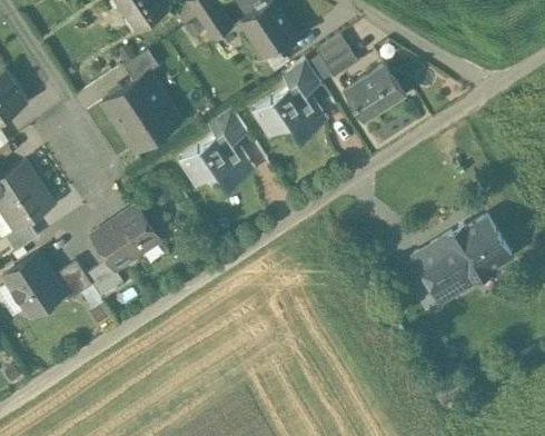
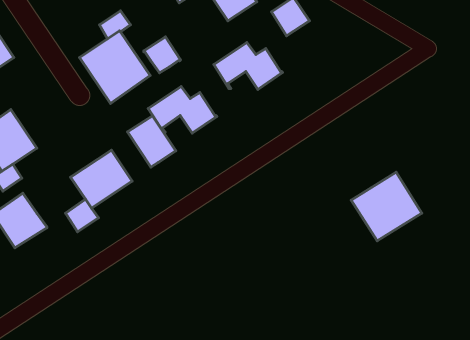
building: [280,60,321,100] -> none
building: [344,66,404,122] -> none
building: [207,109,248,149] -> [144,37,181,73]
building: none -> [127,116,176,167]
building: [455,227,508,277] -> none
building: [53,261,91,300] -> none

